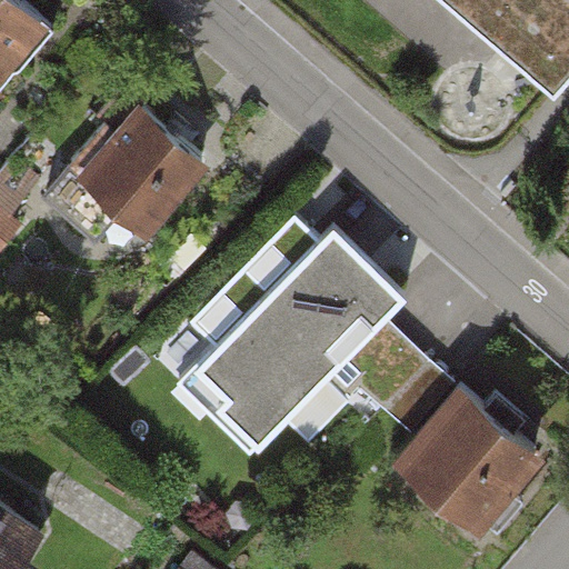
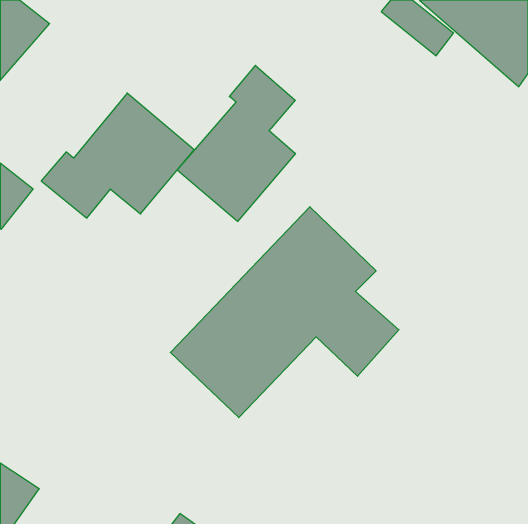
building: none -> [177,65,295,221]
building: [385,359,543,536] -> none

